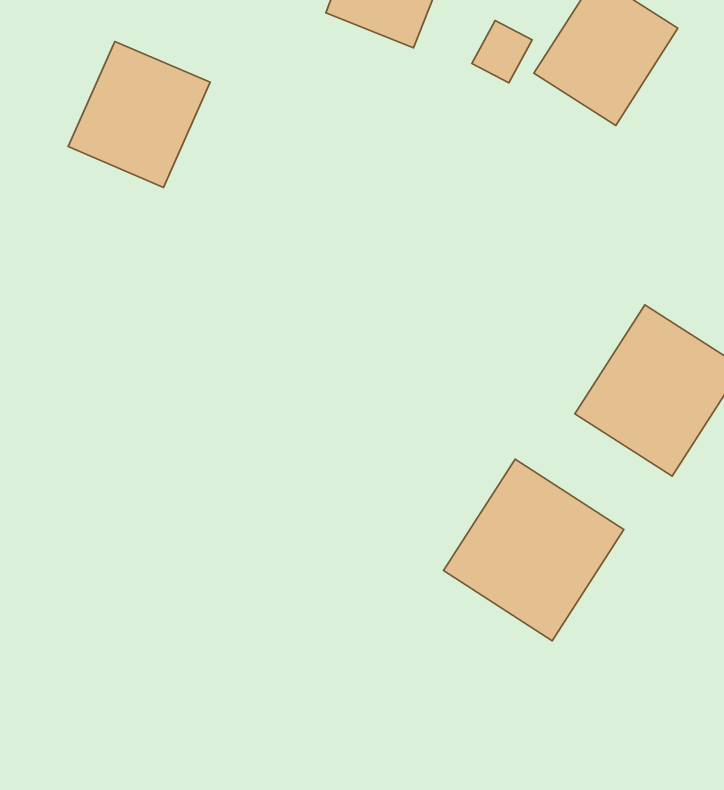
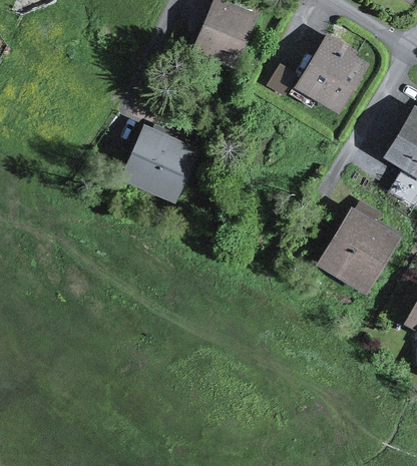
building: [68,41,210,187] -> [120,125,193,200]
building: [444,459,624,641] -> none

